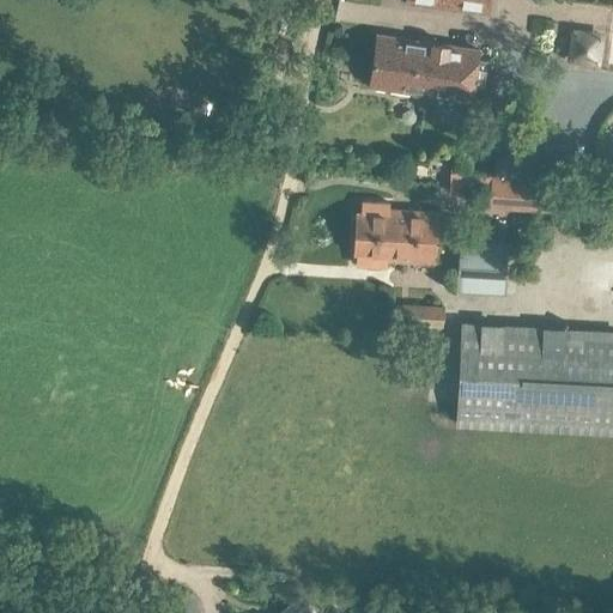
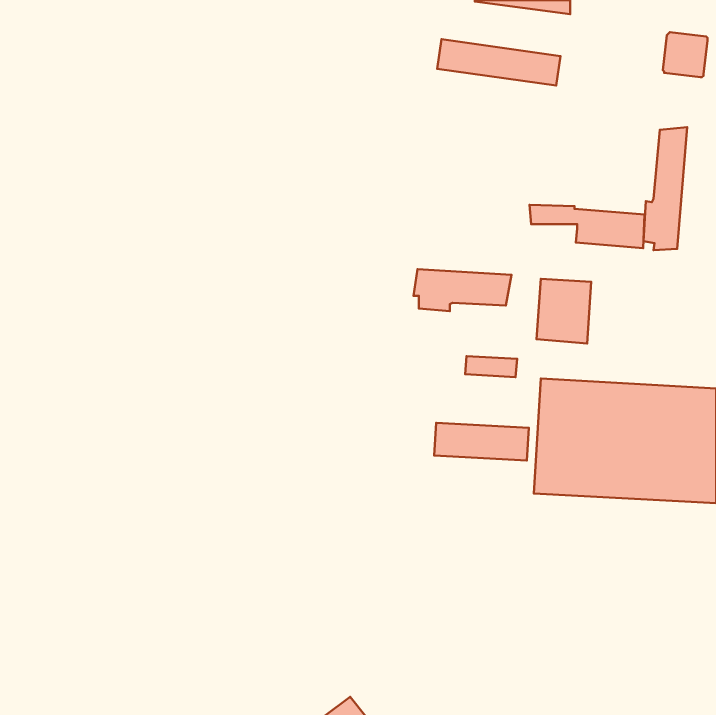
building: [370,60,475,101] -> none
building: none -> [643,127,687,250]
building: [357,199,438,236] -> none
building: none -> [434,423,529,460]

